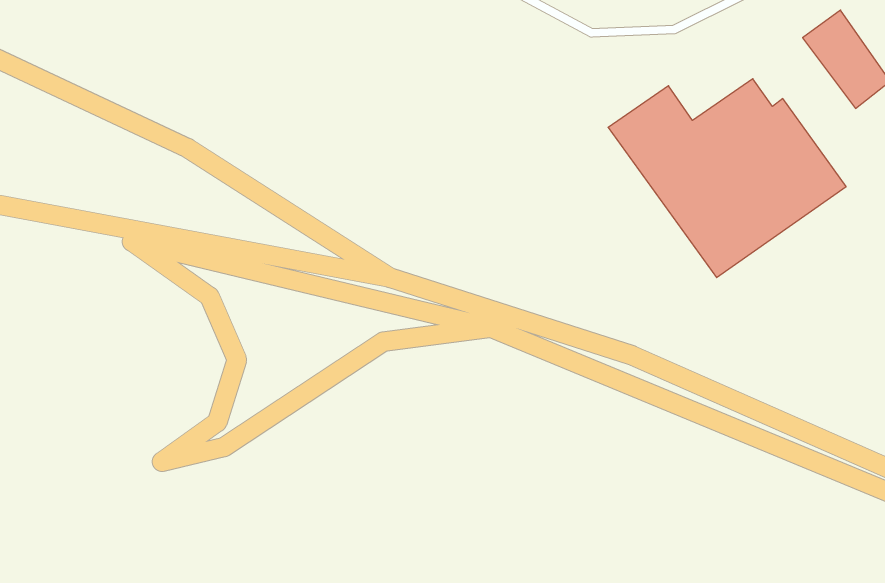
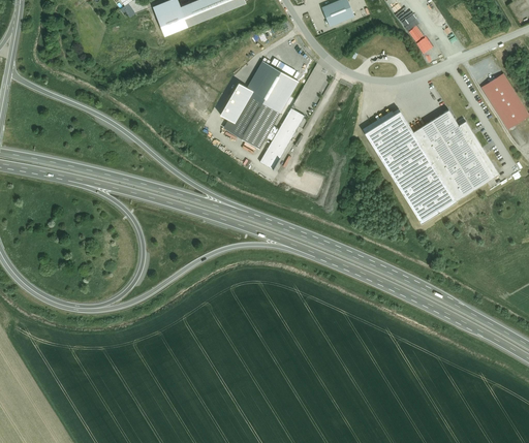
building: none -> [222,62,306,170]

